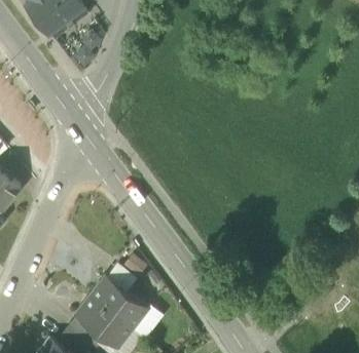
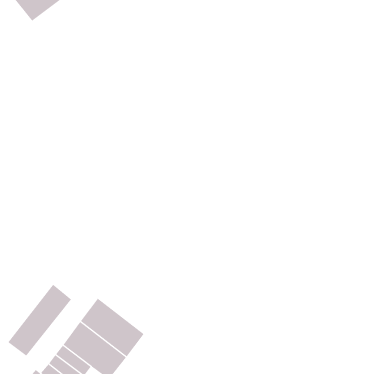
building: none -> [7,284,72,357]

